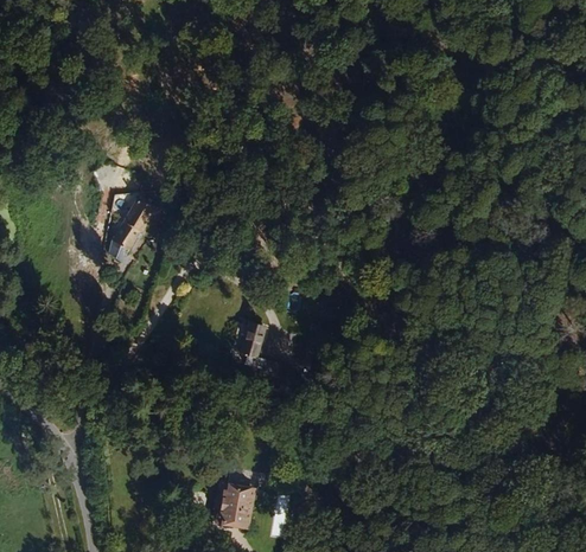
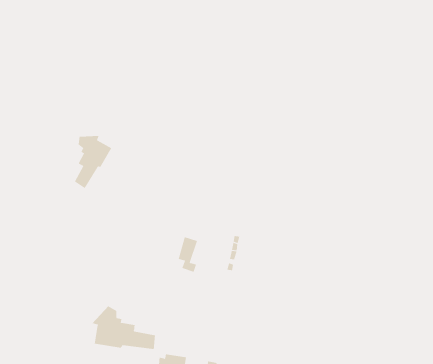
building: none -> [92,305,155,350]

